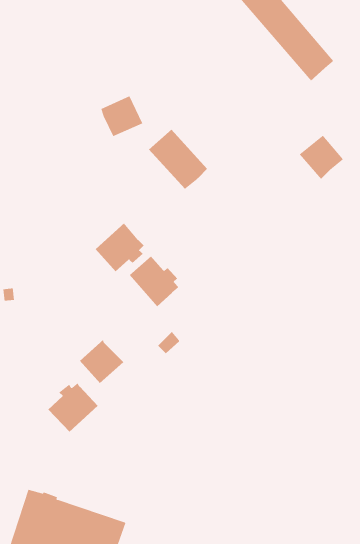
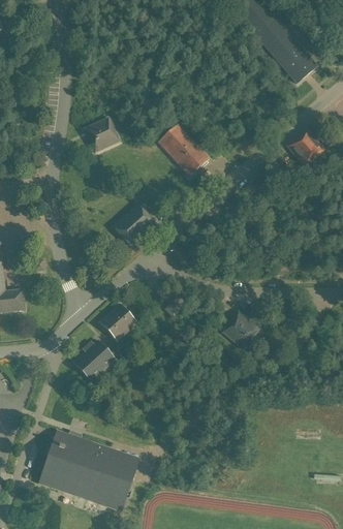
building: [101,96,143,137] -> [84,116,120,151]
building: [129,255,179,307] -> none
building: none -> [221,310,259,348]

